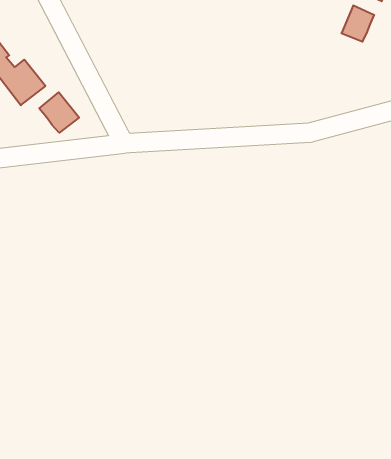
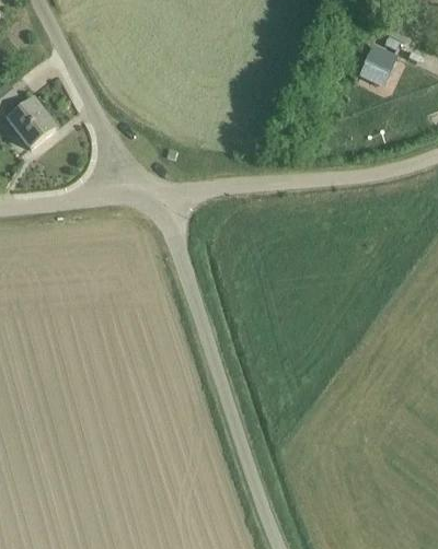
building: [39,92,79,133] -> none

